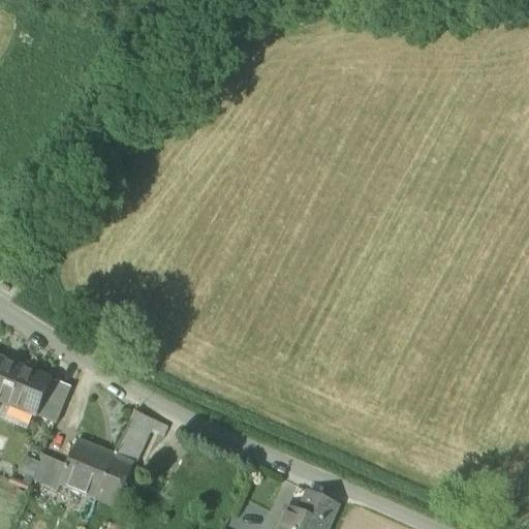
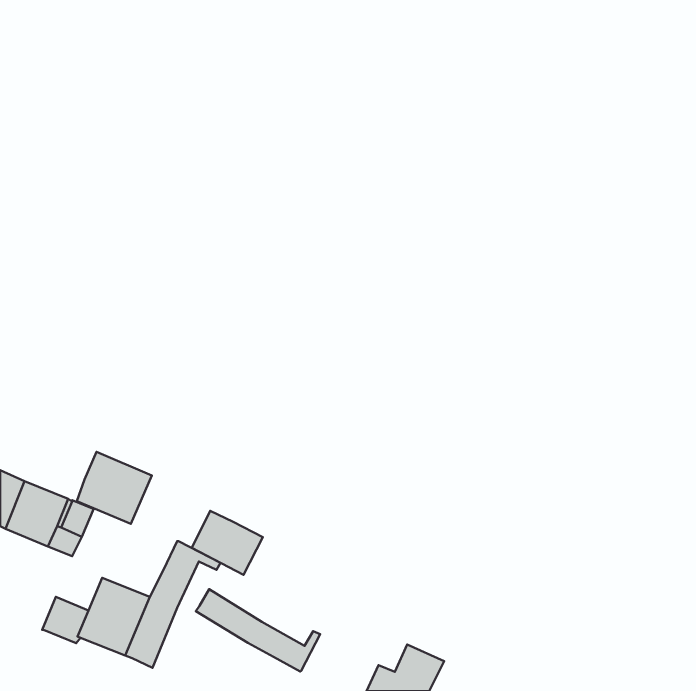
building: none -> [77,452,152,524]
building: none -> [192,511,263,575]
building: none -> [196,589,320,671]

